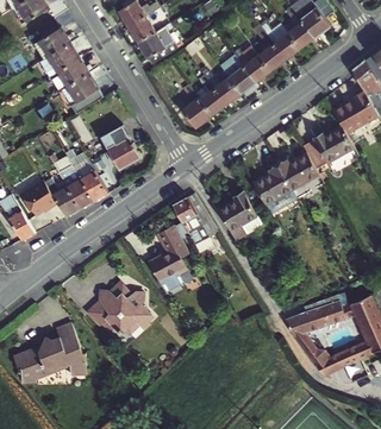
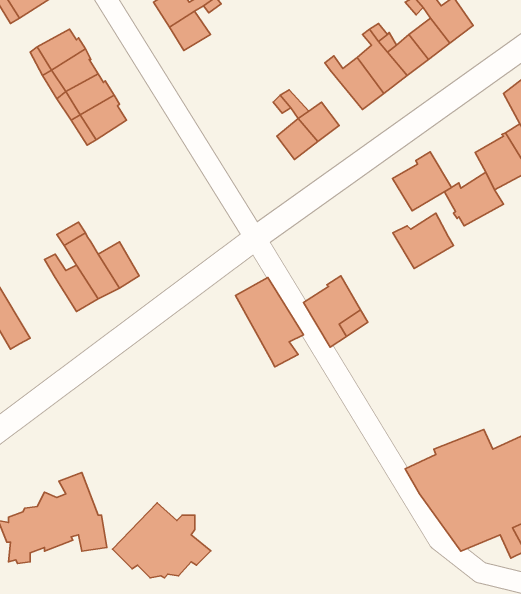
building: [138,24,177,63] -> none
building: [221,56,257,93] -> none
building: [182,84,212,127] -> none
building: [101,125,143,170] -> none
building: [252,164,292,203] -> [392,152,451,211]
building: [21,179,58,216] -> none
building: [149,225,188,291] -> none
building: [85,283,150,333] -> [113,503,211,578]

